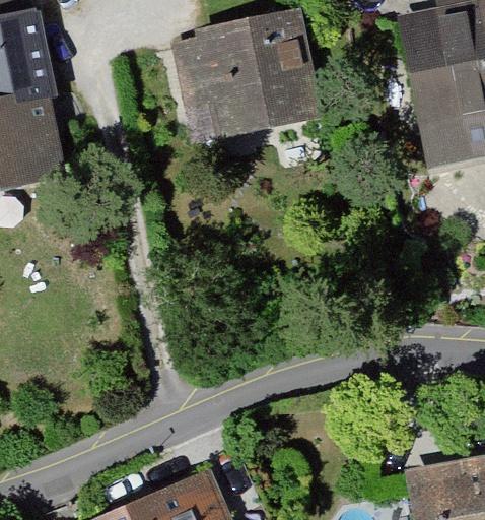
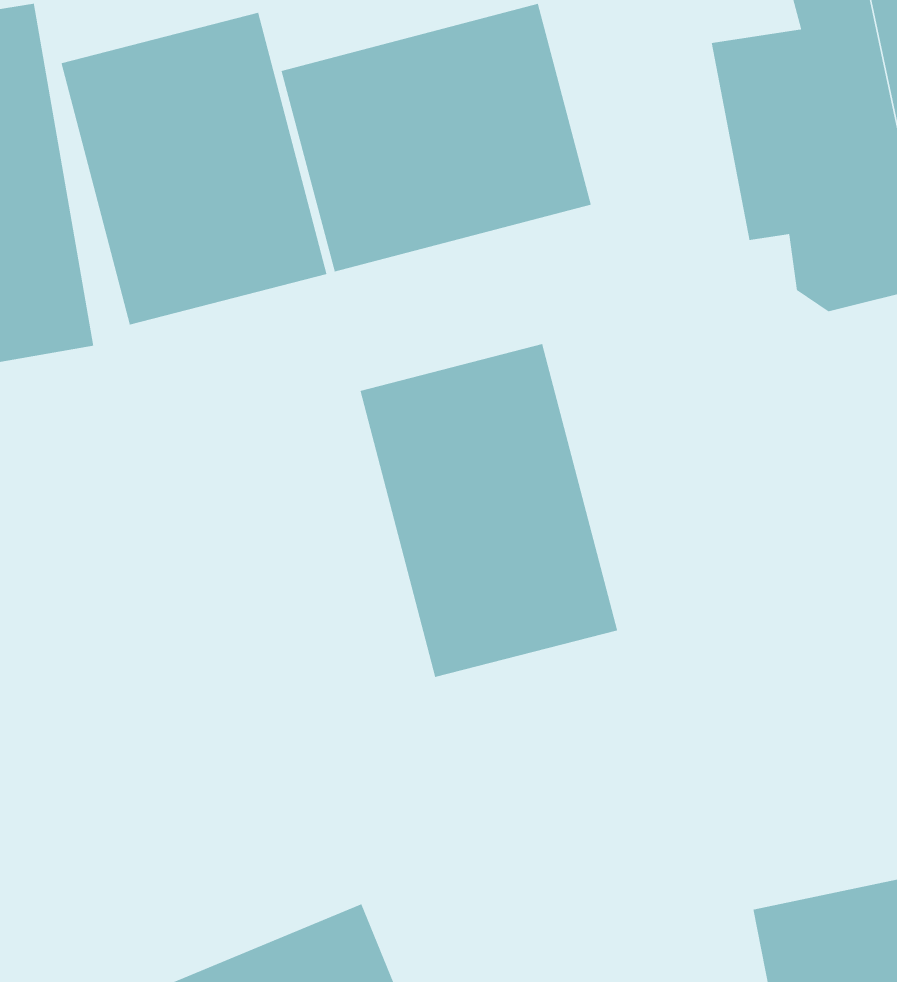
building: none -> [61,12,327,325]
building: none -> [359,343,618,678]

